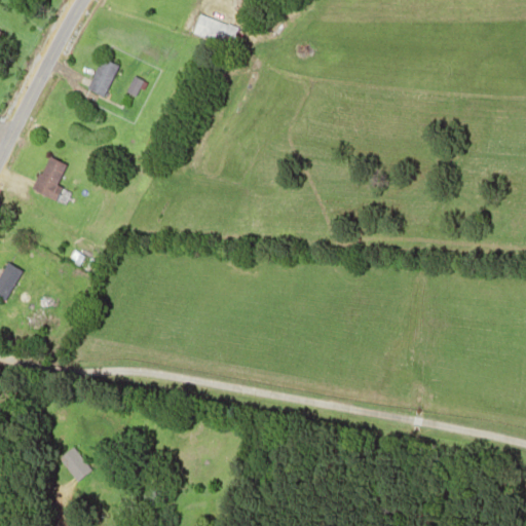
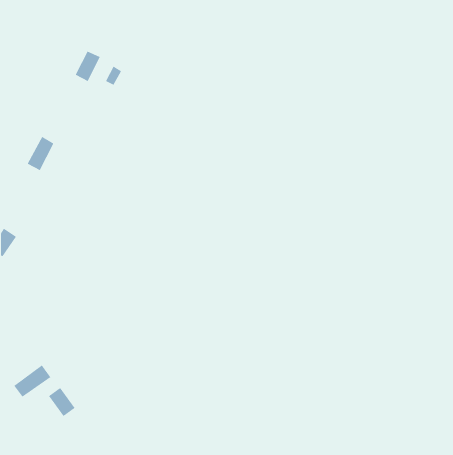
building: [195,14,236,44] -> none
building: none -> [13,365,51,398]

